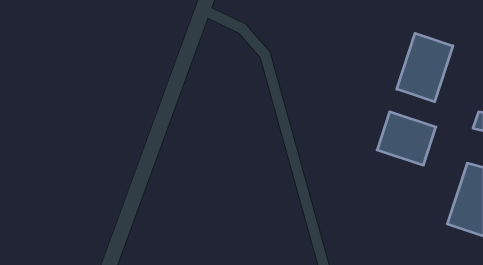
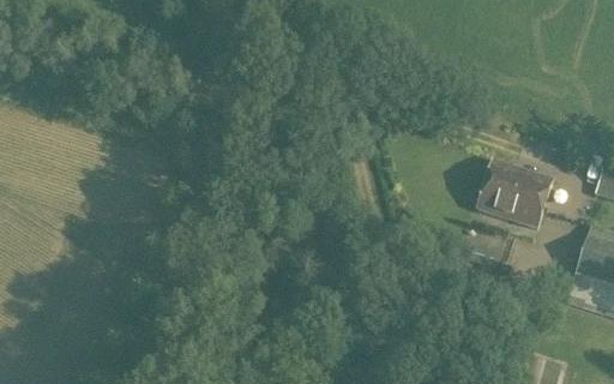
building: [397,33,453,102] -> none

